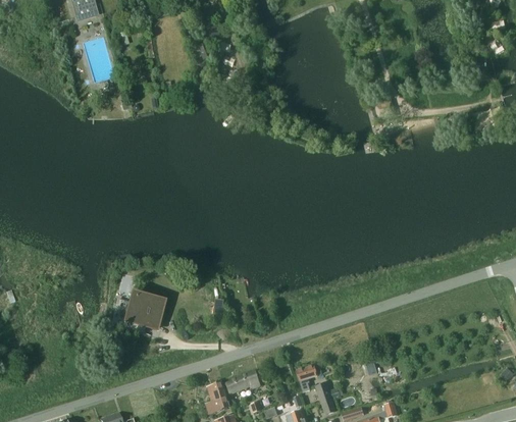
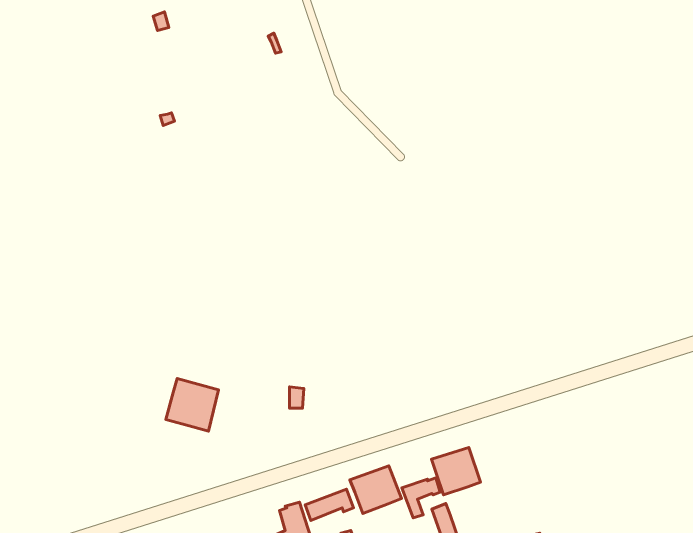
building: none -> [431,448,481,495]
building: none -> [350,466,401,513]

